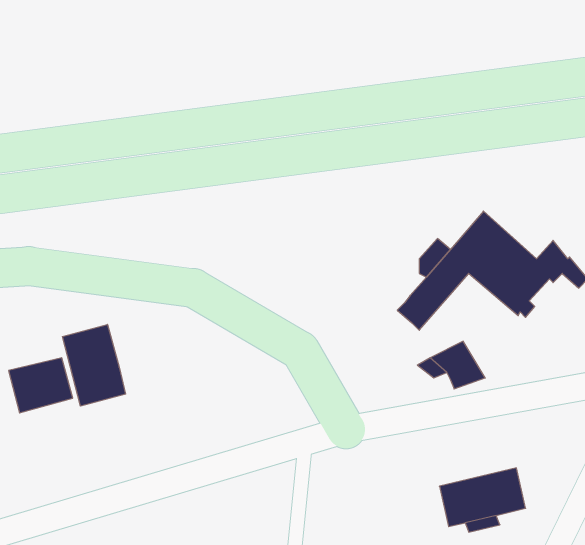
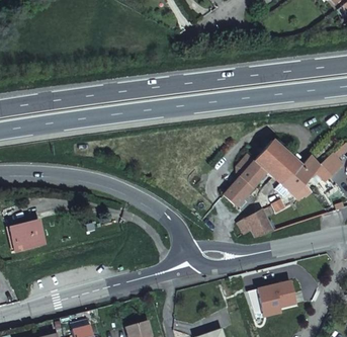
building: [62,324,126,406] -> none

